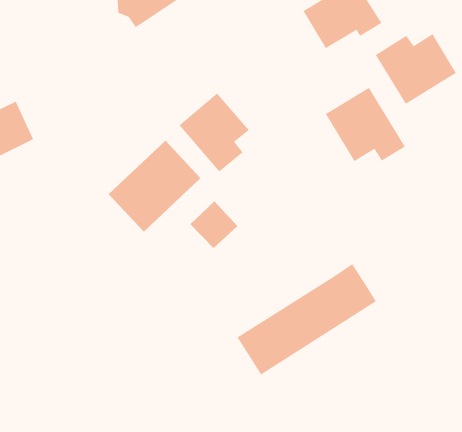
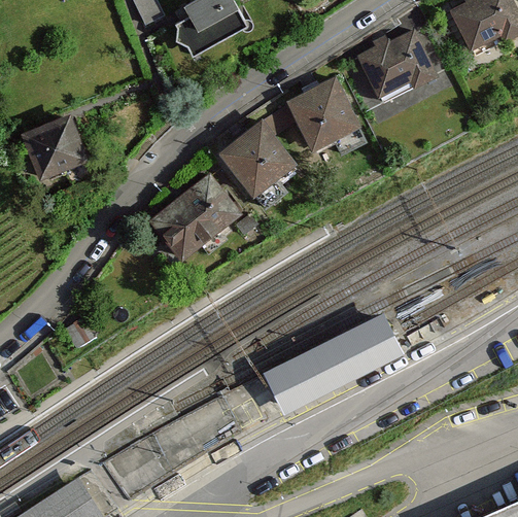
building: [375,33,457,105] -> none
building: [325,87,406,162] -> [289,79,367,154]
building: [190,201,238,249] -> none

